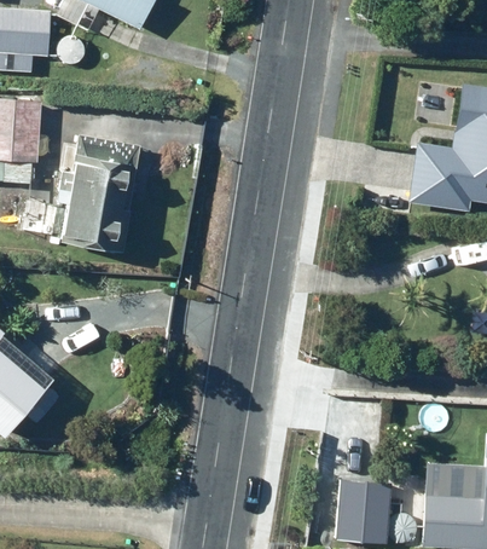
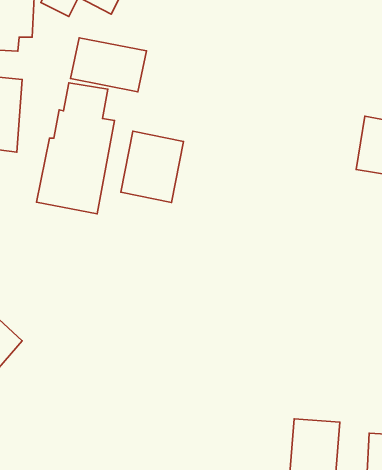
building: none -> [71,38,146,92]
building: none -> [121,131,183,202]

